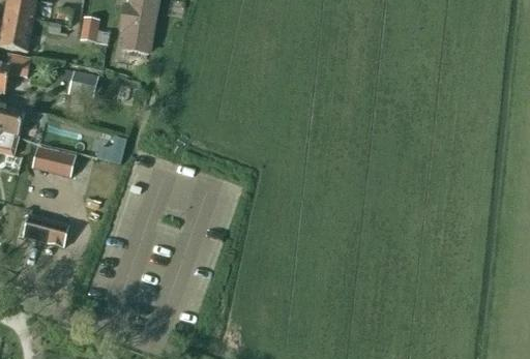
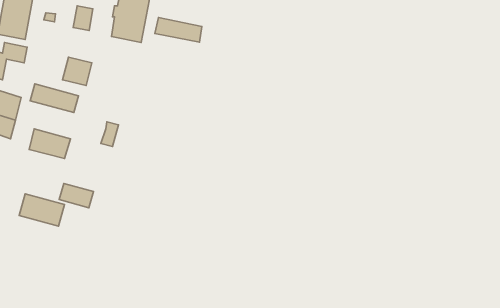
building: none -> [155,18,202,42]
building: none -> [30,84,78,113]
building: none -> [59,183,93,208]

